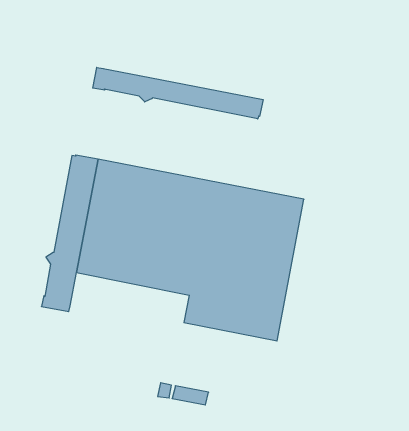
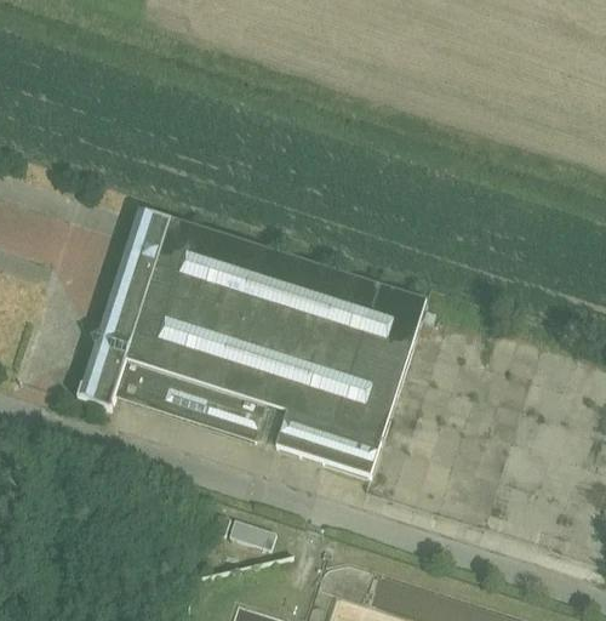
building: [93,67,263,119] -> none
building: none -> [115,358,265,438]

